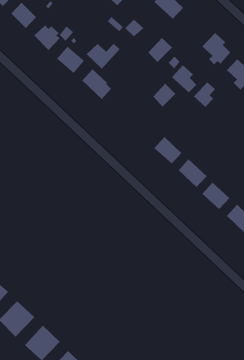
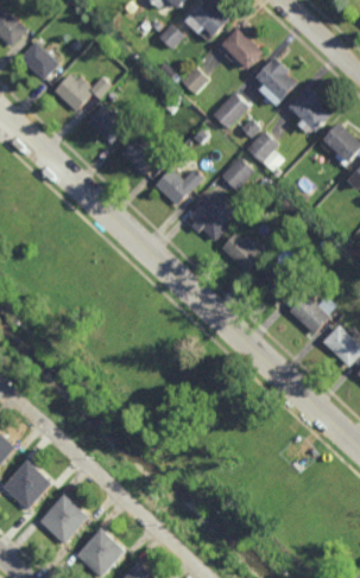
building: none -> [257,55,297,103]
building: [86,43,120,70] -> [153,167,202,204]
building: [193,81,216,108] -> none
building: none -> [188,198,229,240]

